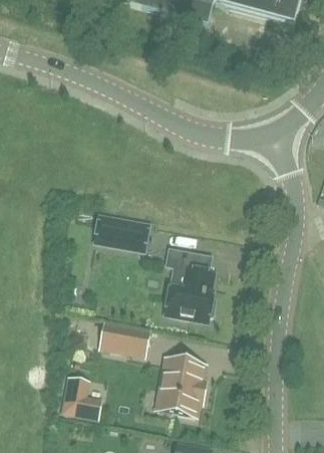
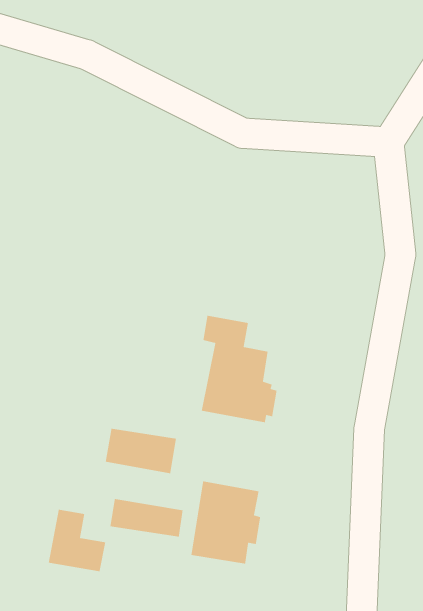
building: [96,212,150,244] -> none
building: none -> [110,498,184,537]

